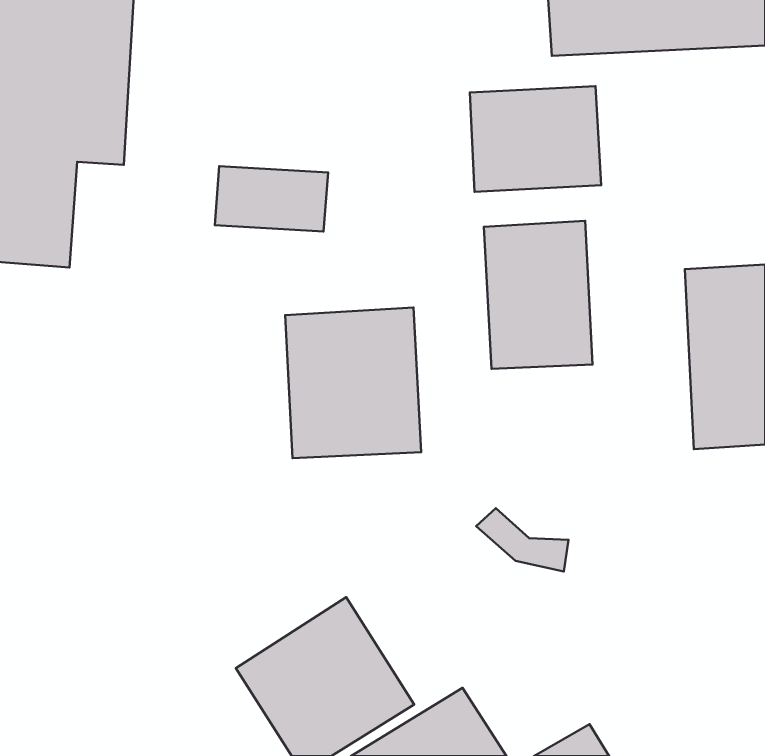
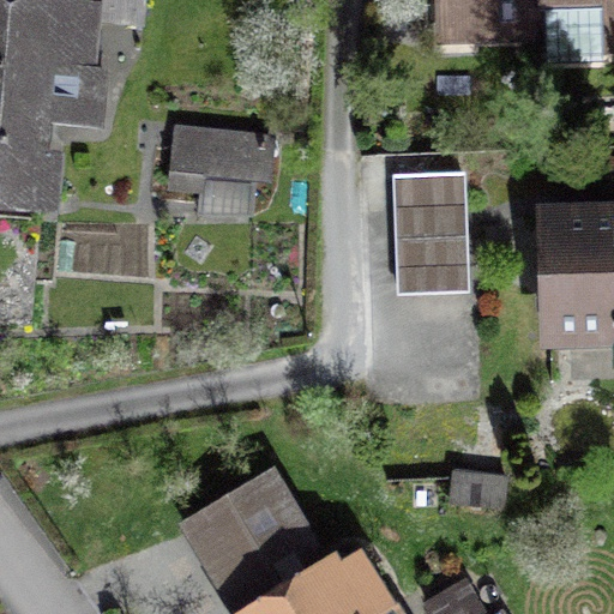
building: [470,86,601,192] -> none
building: [285,308,421,458] -> none

